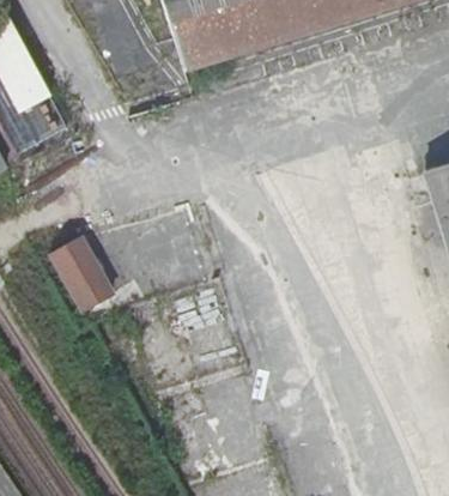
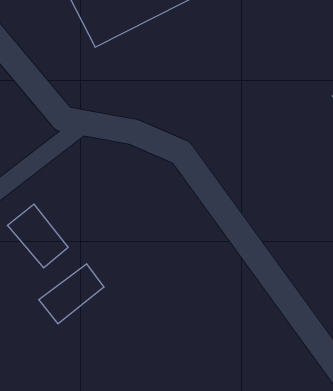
building: none -> [39,264,104,324]

